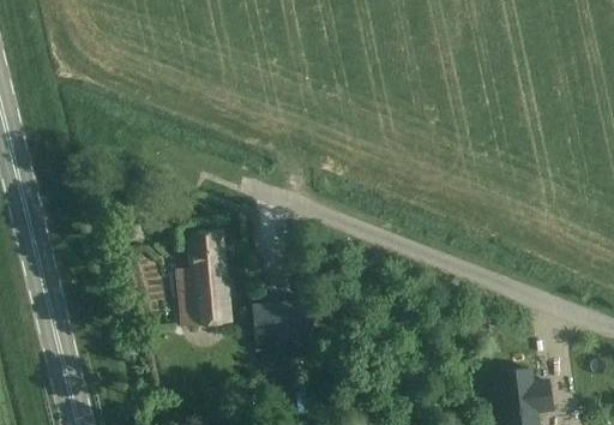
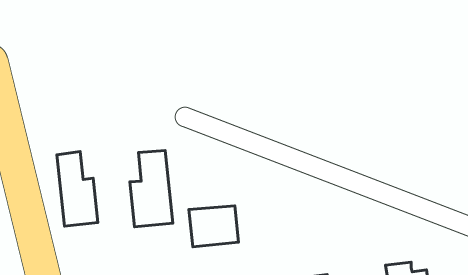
building: none -> [57,151,98,226]

